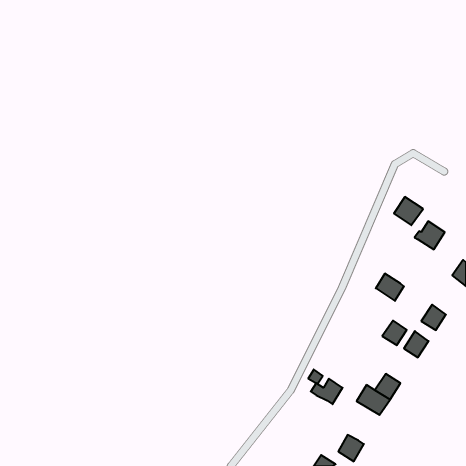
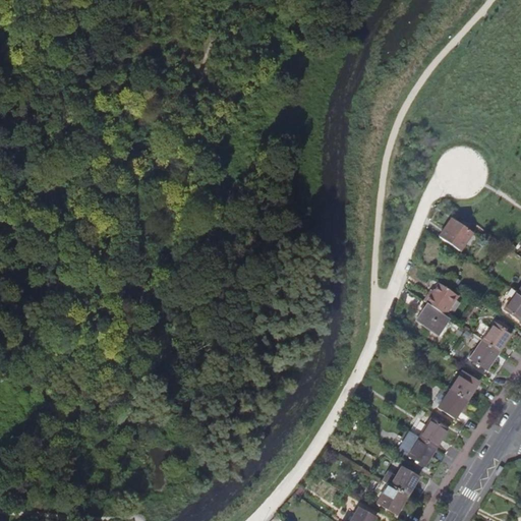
building: [415,221,445,249] -> [425,285,459,316]
building: none -> [482,322,510,351]
building: [382,321,407,345] -> [439,389,466,416]
building: [311,379,343,404] -> [382,467,417,496]

